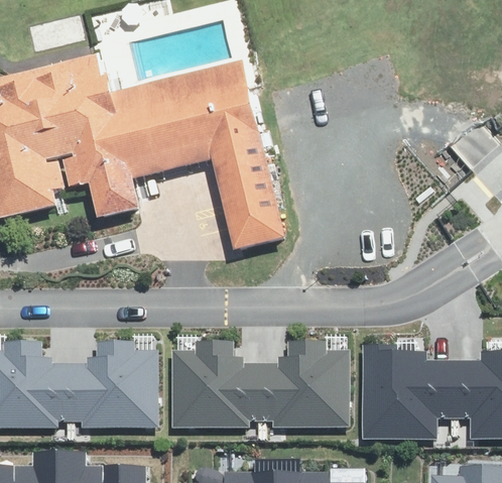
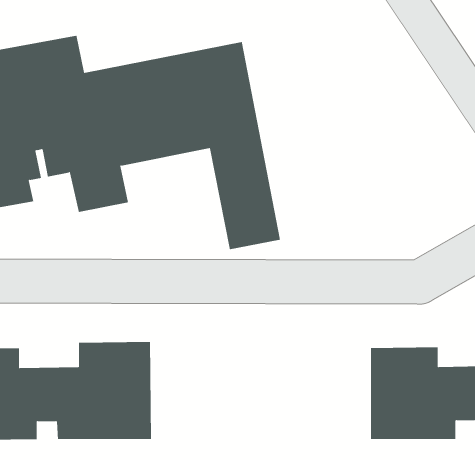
building: [168,343,352,434] -> none

